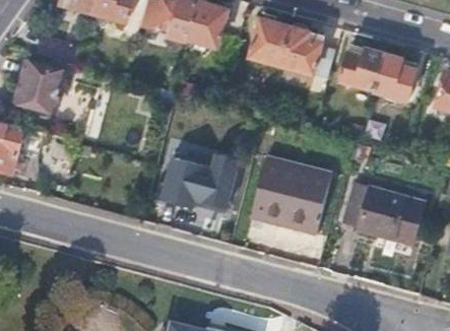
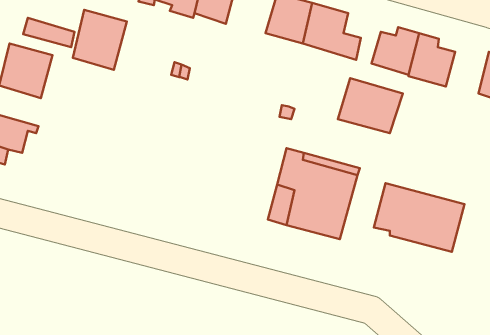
building: none -> [73,10,127,70]
building: none -> [338,78,403,133]
building: [158,156,237,208] -> none

